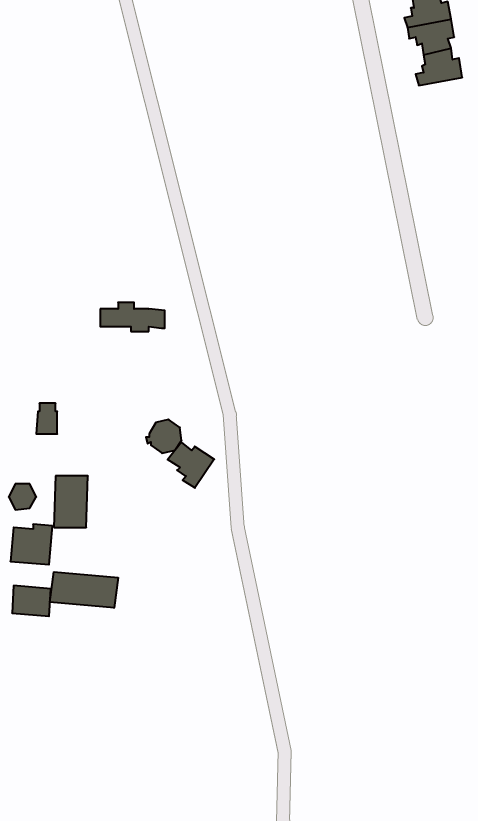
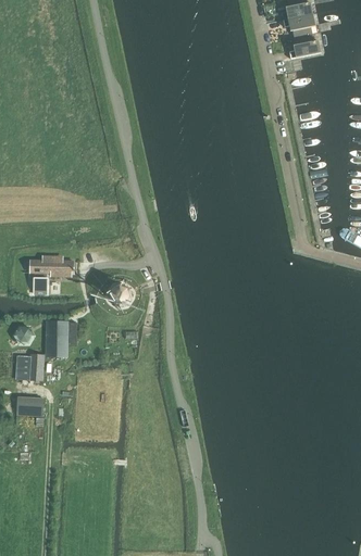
building: [100,302,165,331] -> [29,255,73,275]
building: [168,442,214,488] -> none
building: [50,572,118,608] -> none

